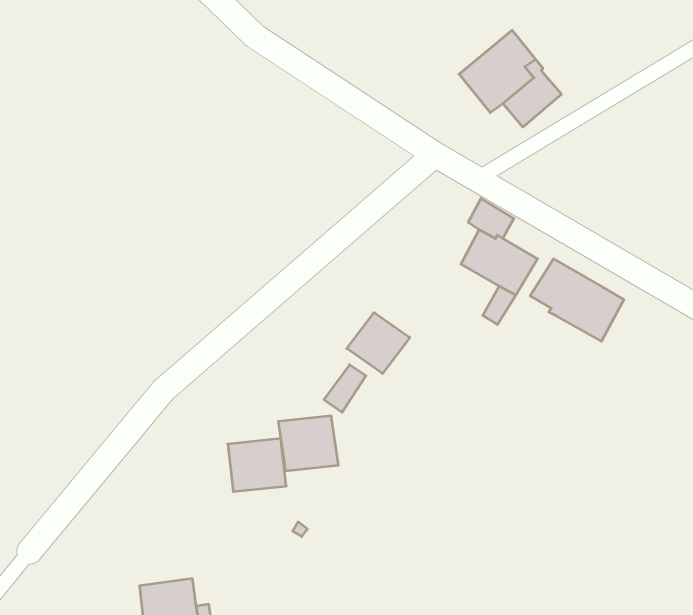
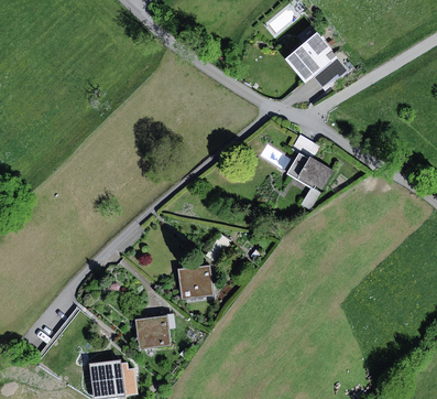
building: [530,259,624,341] -> none
building: [347,313,410,374] -> none
building: [228,439,286,492] -> [134,314,170,346]

